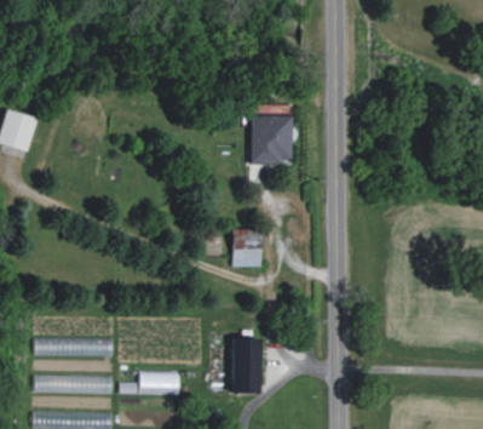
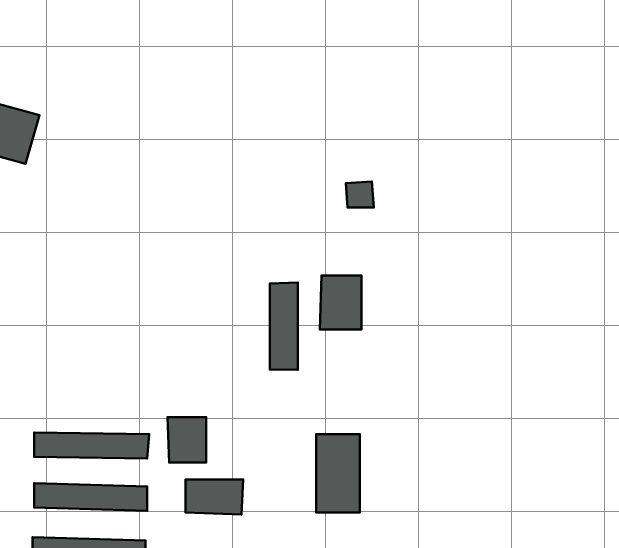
building: [251,105,293,162] -> none
building: none -> [270,283,298,370]
building: none -> [167,417,206,462]

